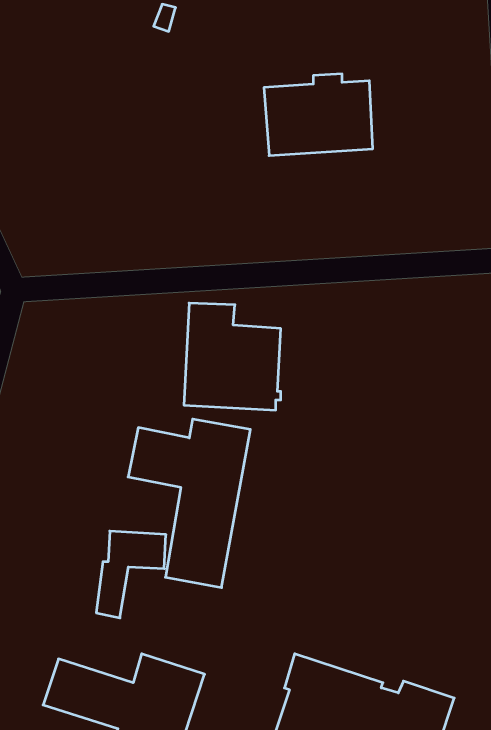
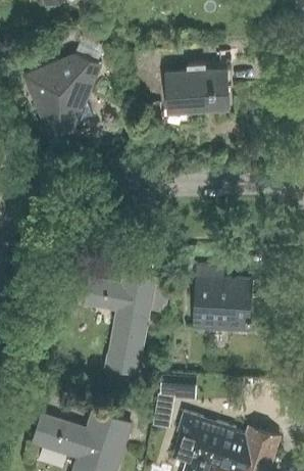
building: none -> [22,53,101,134]
building: [184,303,281,410] -> [193,266,251,330]
building: [96,531,166,618] -> [153,375,195,427]

